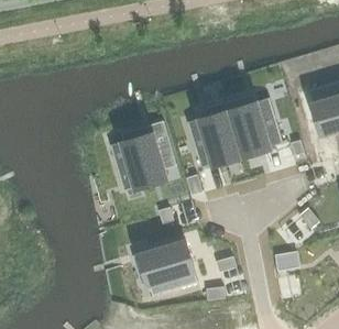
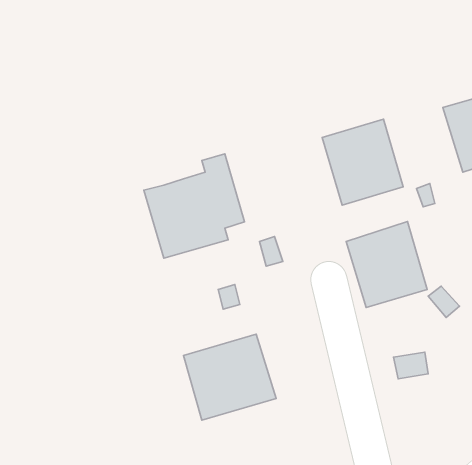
building: [187,109,241,166] -> [346,222,427,308]

